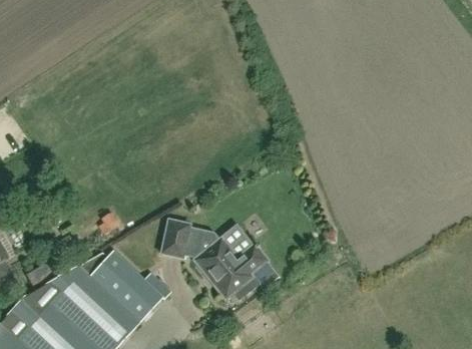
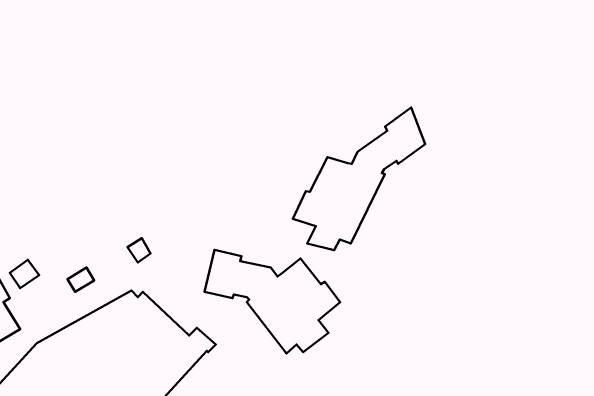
building: none -> [293,107,425,250]

